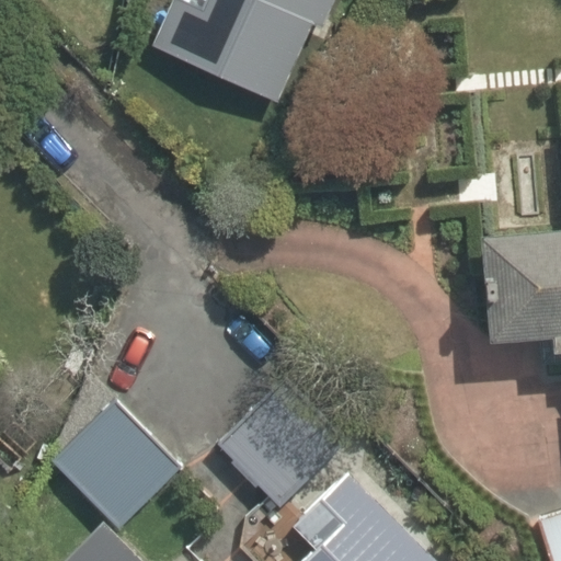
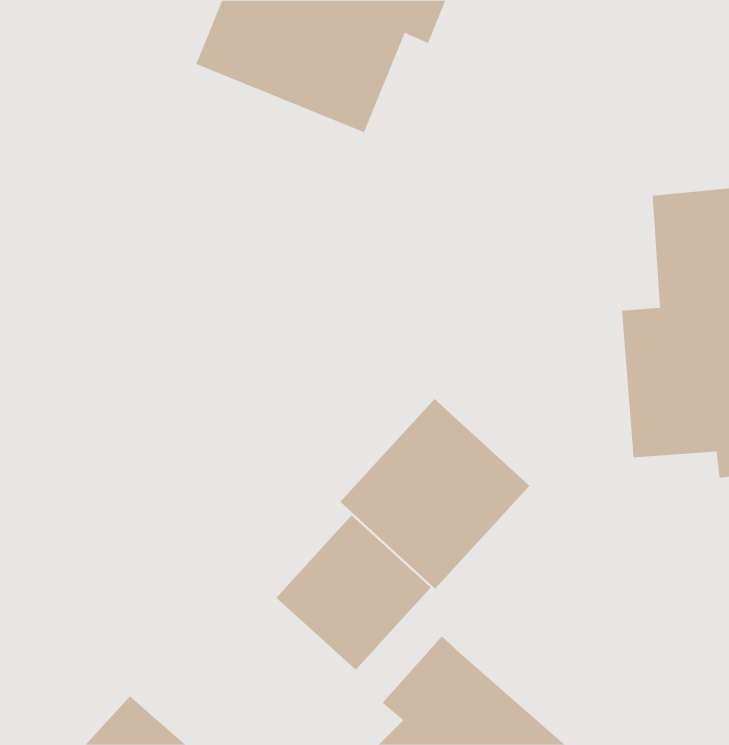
building: none -> [340,398,530,590]
building: [42,390,182,529] -> none

